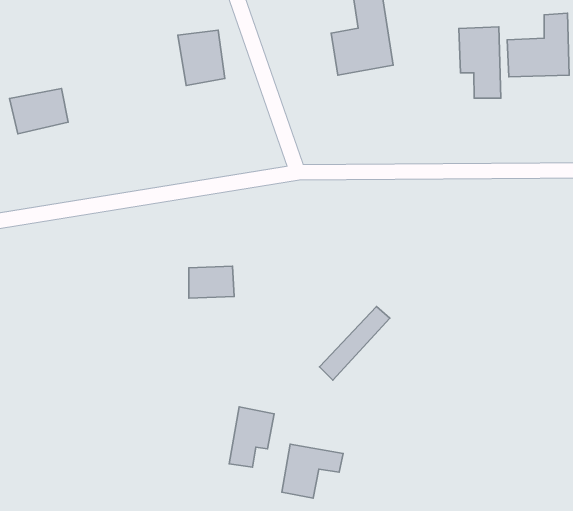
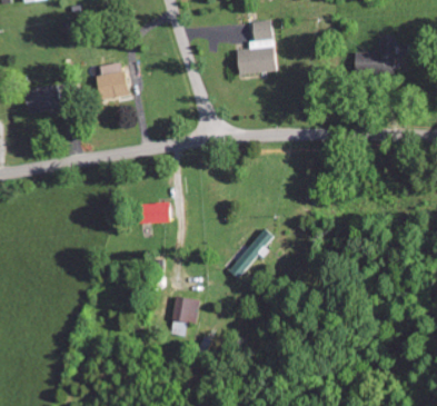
building: [459,27,501,98] -> none
building: [178,30,225,85] -> [97,62,128,99]
building: [282,444,343,498] -> none

